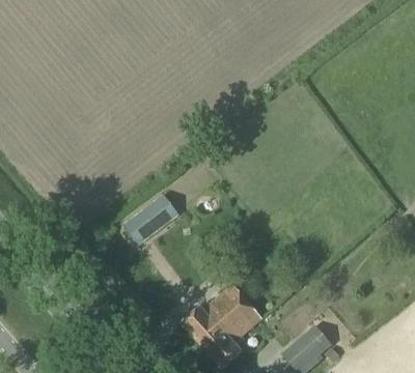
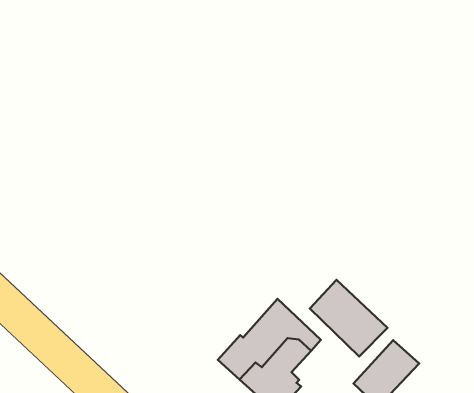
building: [123,194,179,246] -> none
building: none -> [310,280,387,356]

